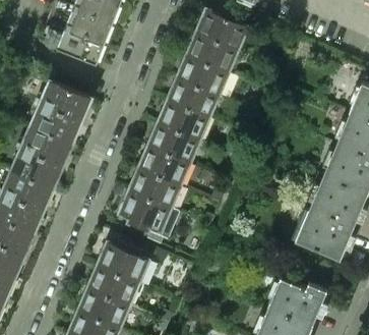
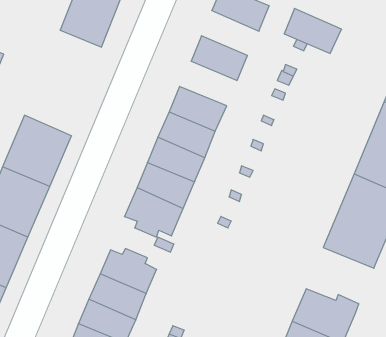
building: [187,32,238,71] -> [284,8,342,53]
building: [168,76,219,116] -> none
building: [30,80,90,143] -> none

